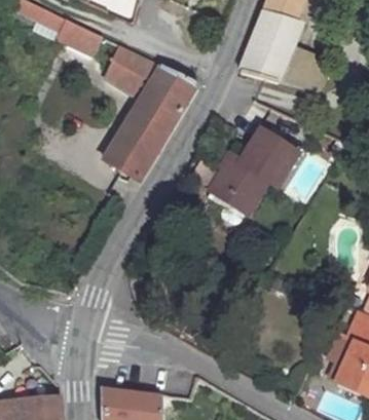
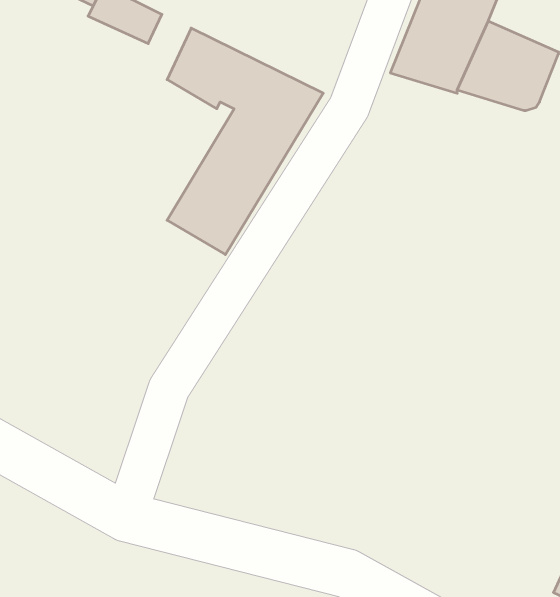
building: [213,129,297,216] -> none

